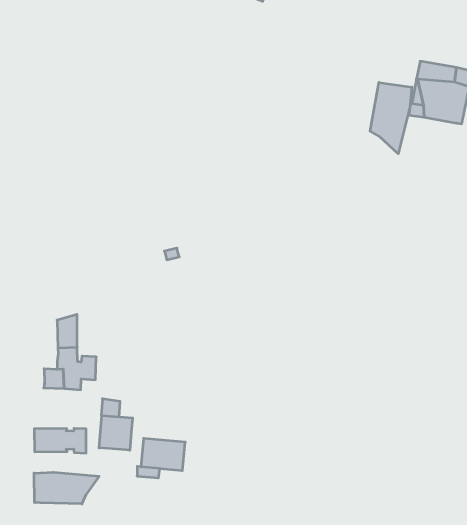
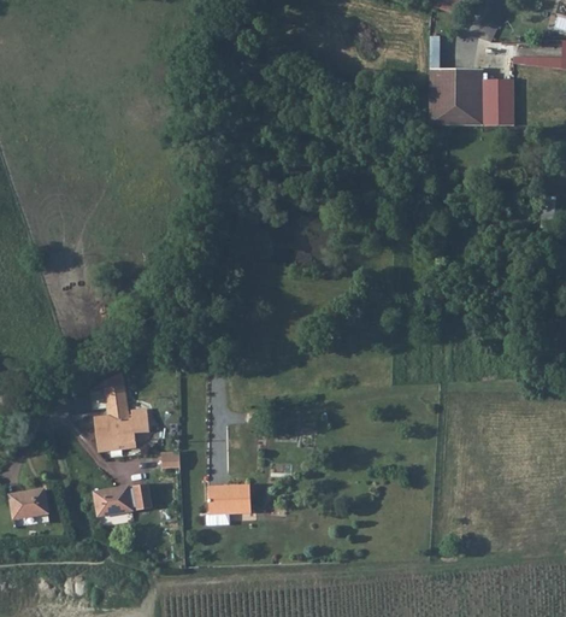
building: [370,82,412,154] -> none
building: [99,416,133,450] -> none
building: [34,472,99,504] -> none

